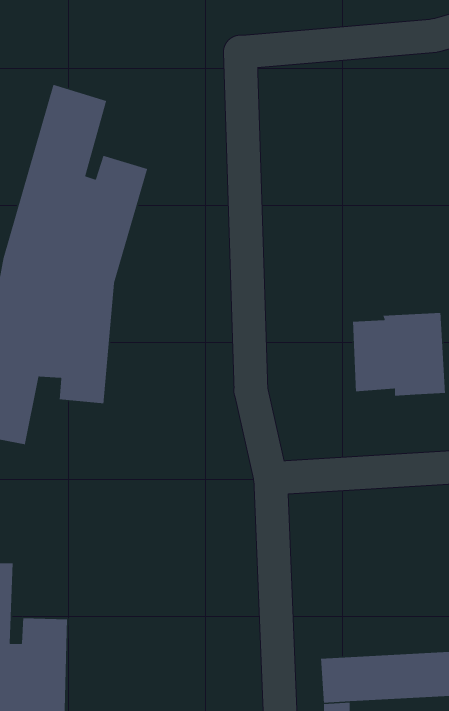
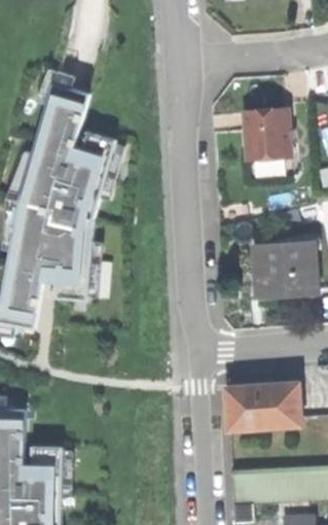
building: none -> [244,109,289,161]
building: none -> [230,384,303,429]

